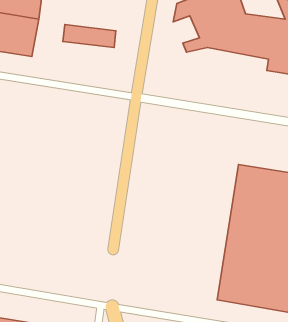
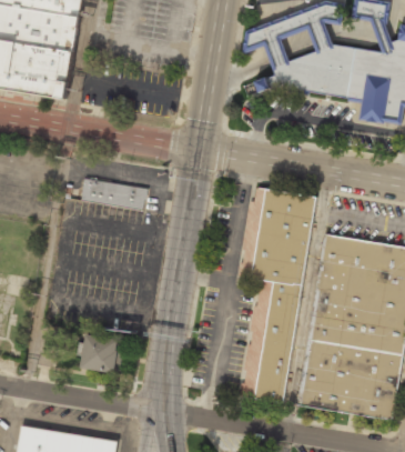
building: [63,25,116,48] -> [81,180,148,209]
building: none -> [237,187,315,401]
building: none -> [81,335,124,373]

